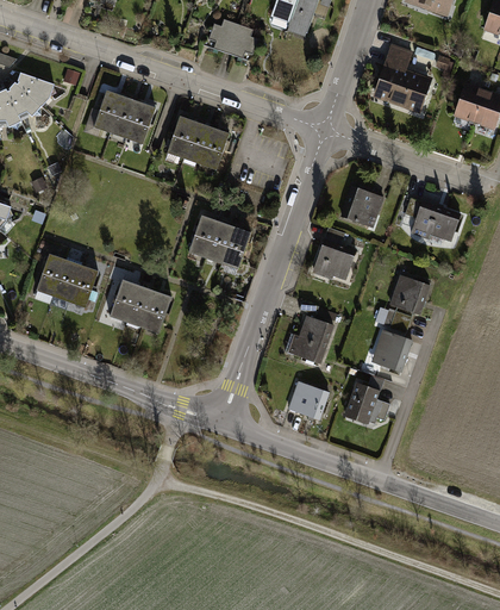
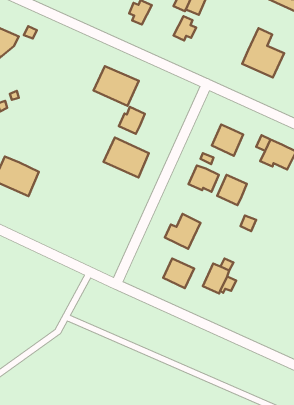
building: [227,24,258,58] -> [174,16,196,41]
building: [93,89,157,143] -> none
building: none -> [119,107,145,134]
building: [389,274,430,316] -> [217,175,247,205]
building: [110,279,173,332] -> none
building: [371,330,412,372] -> none

